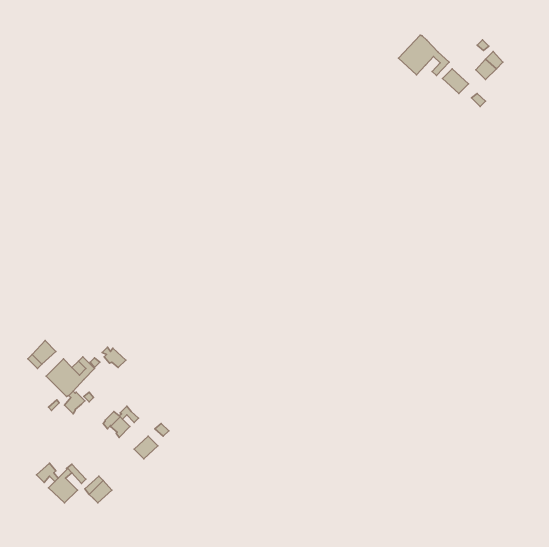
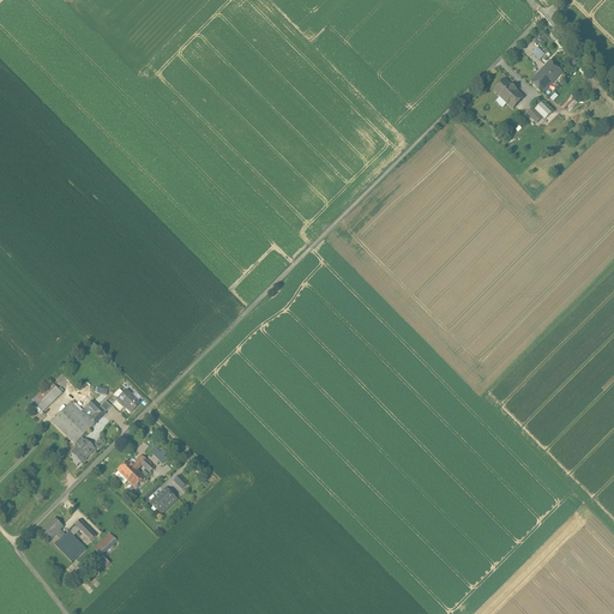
building: [398,35,449,76] -> none

